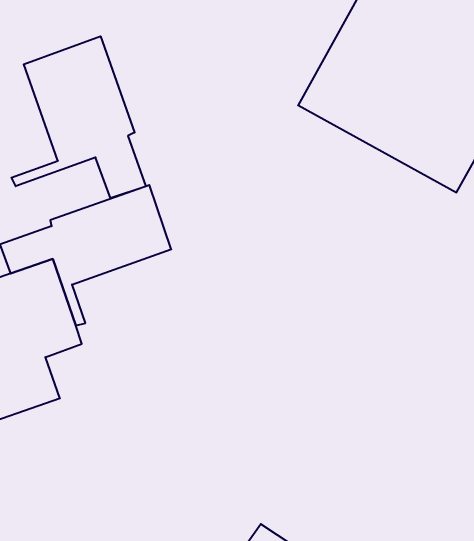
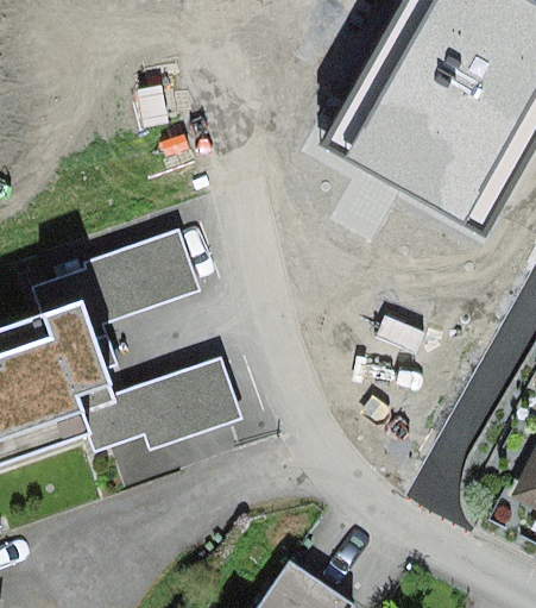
building: [11,36,146,198] -> none
building: none -> [78,353,241,450]

